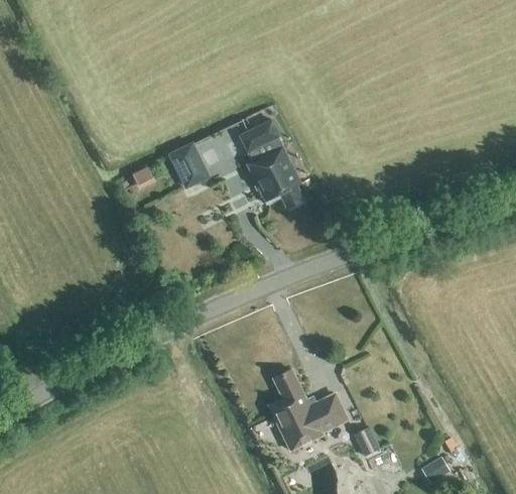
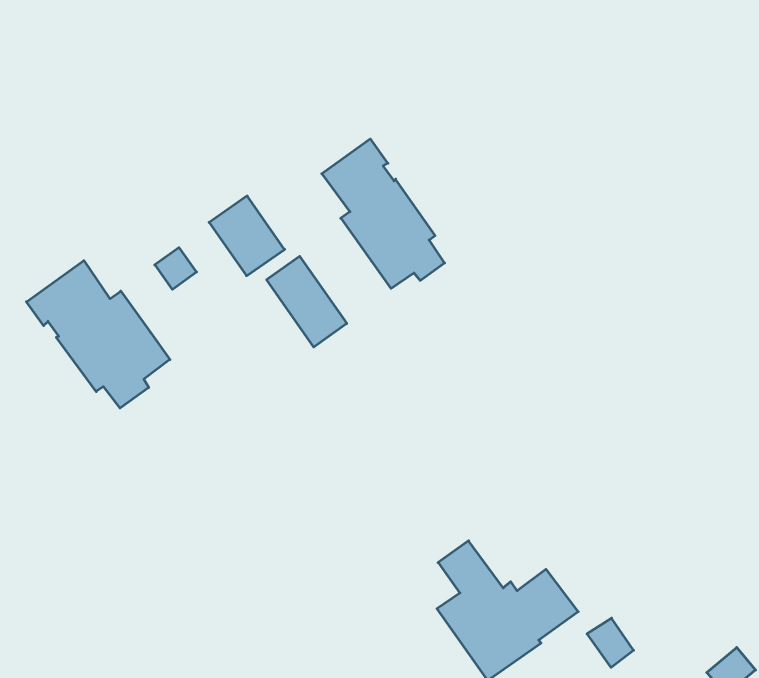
building: none -> [26,261,170,408]
building: none -> [267,256,347,347]

